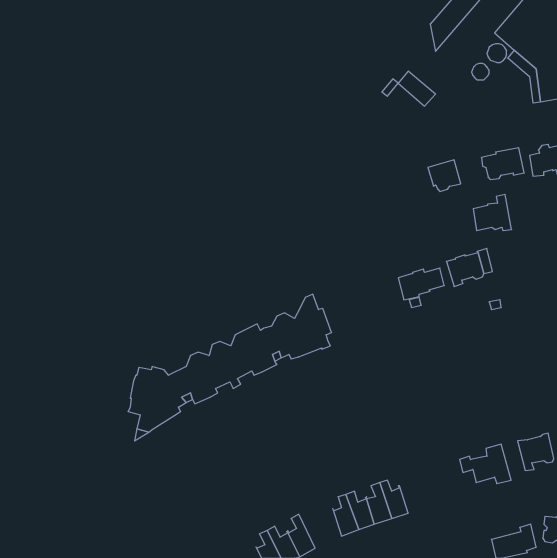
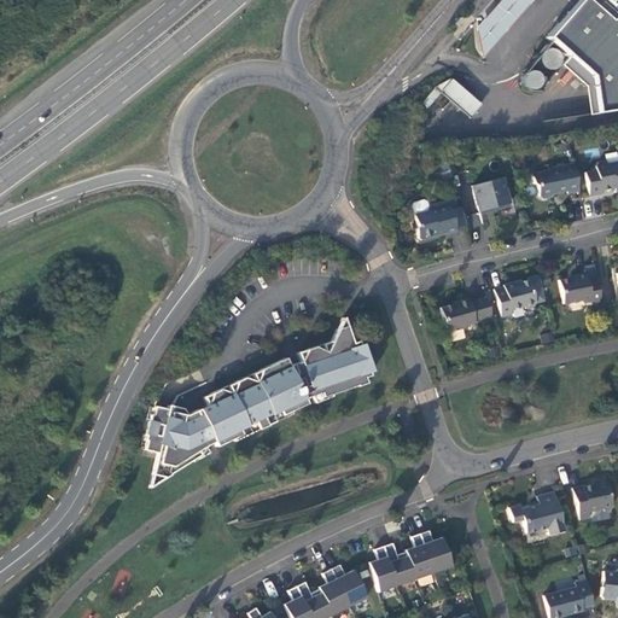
building: none -> [413,199,467,239]
building: [473,194,512,231] -> [560,263,602,303]
building: none -> [332,564,368,605]

